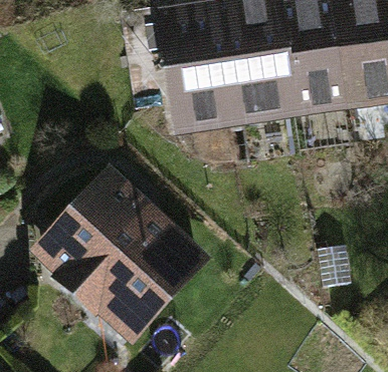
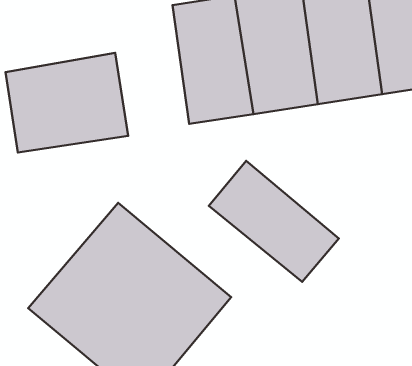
building: none -> [6,53,128,153]
building: none -> [209,161,339,282]

